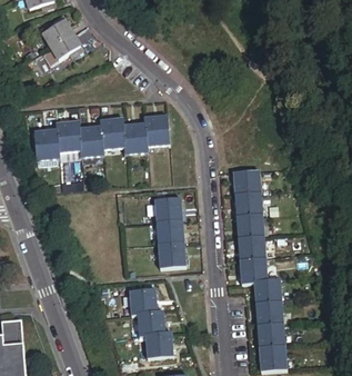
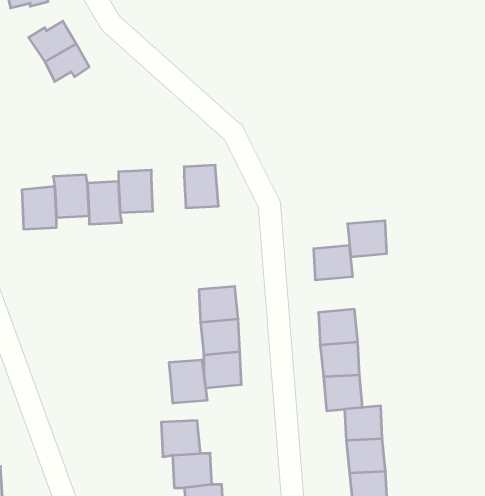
building: [123,123,147,152] -> none
building: [234,191,261,216] -> [347,221,387,257]
building: none -> [169,360,207,403]

